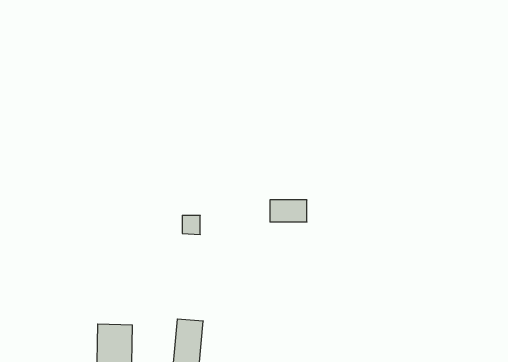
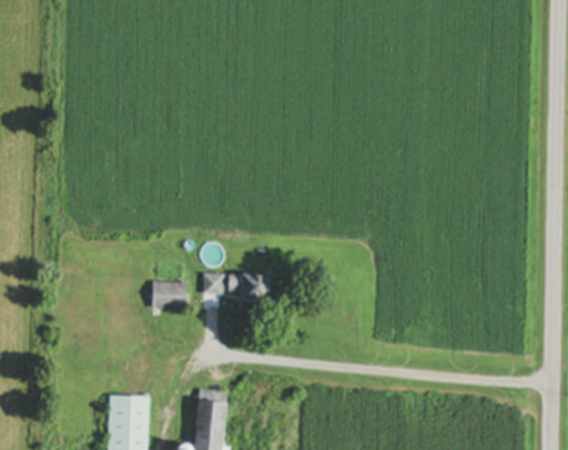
building: [270,200,307,222] -> [227,275,268,299]
building: none -> [152,282,187,308]

